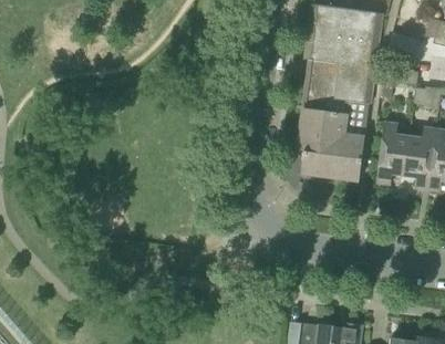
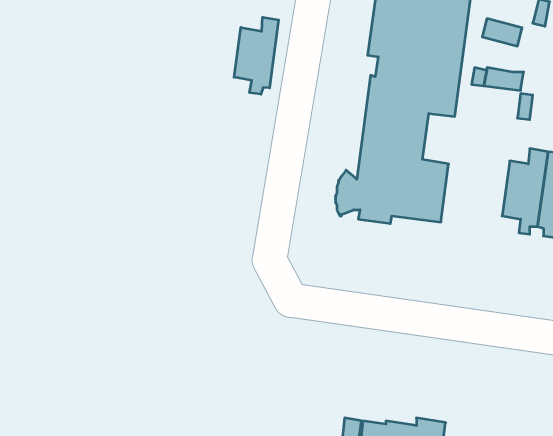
building: none -> [234,17,279,94]
building: [377,122,408,184] -> none

